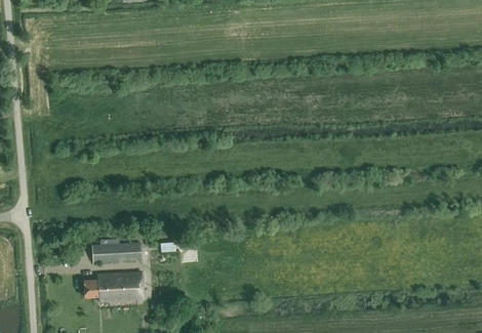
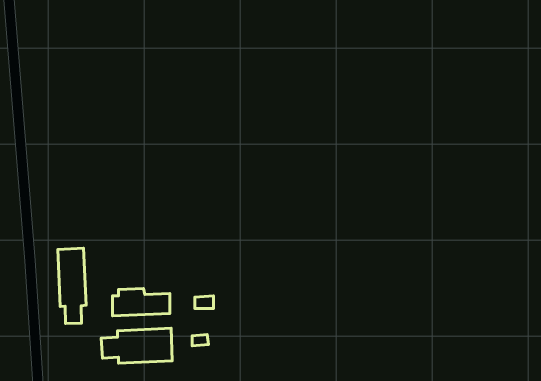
building: none -> [58,248,86,323]

